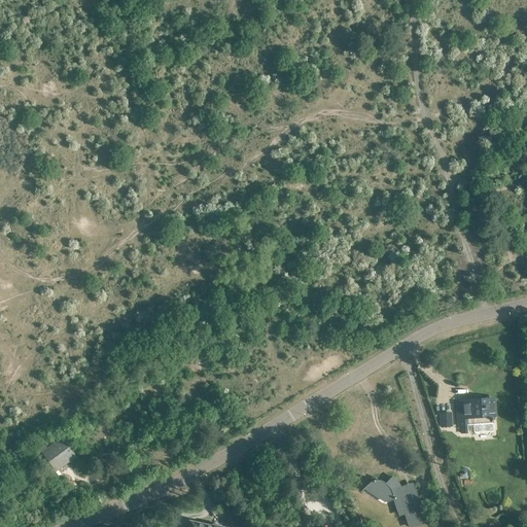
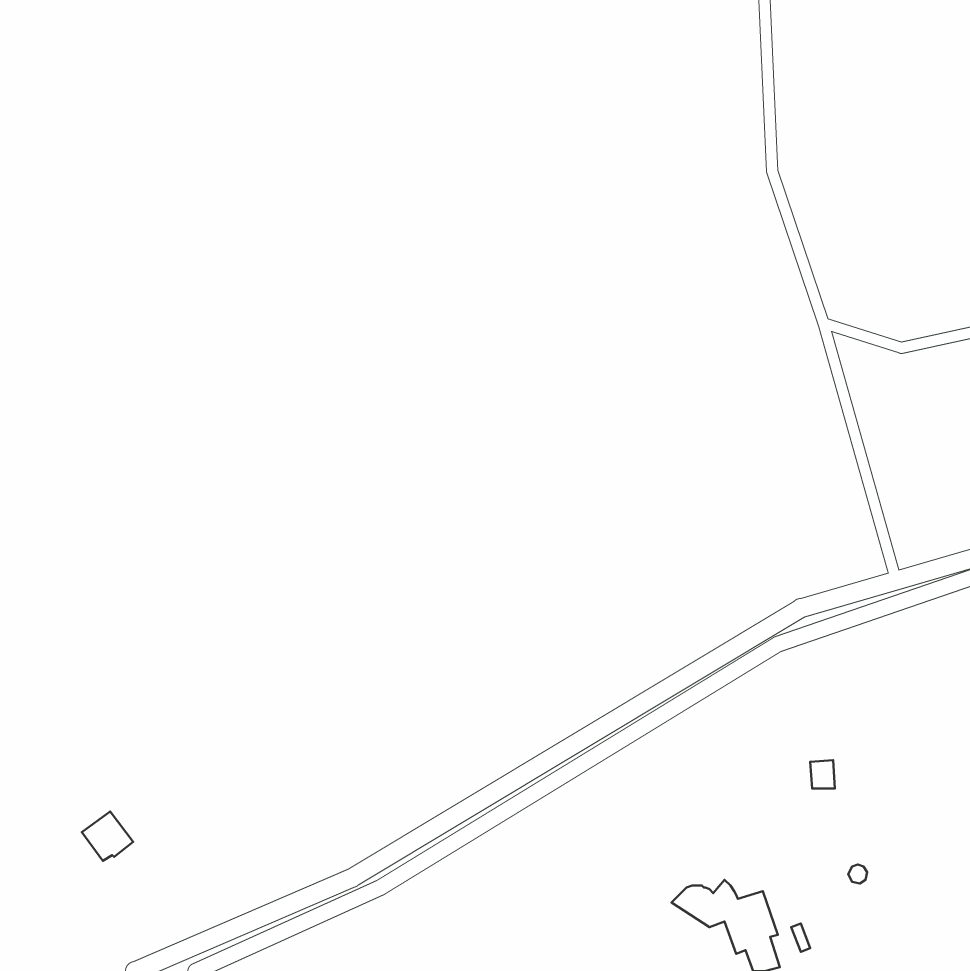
building: [457,398,496,433] -> none

